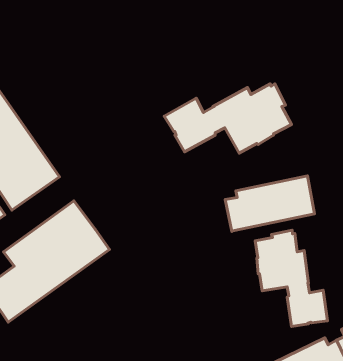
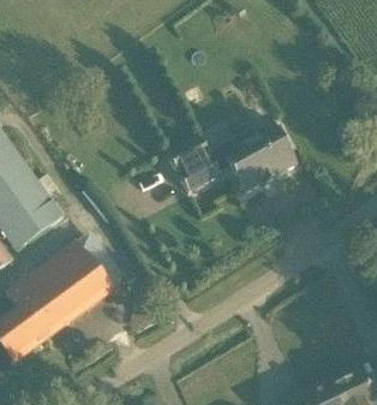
building: [225,176,315,231] -> none
building: [255,230,327,327] -> none

